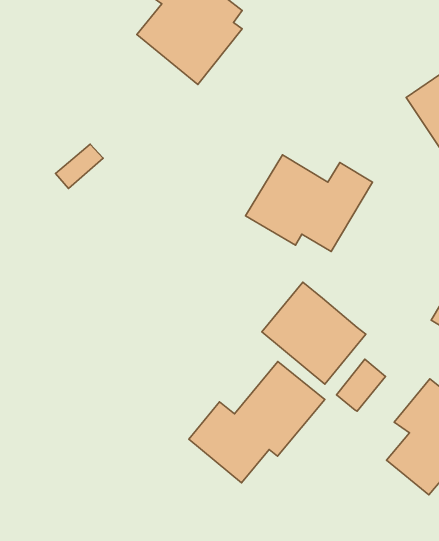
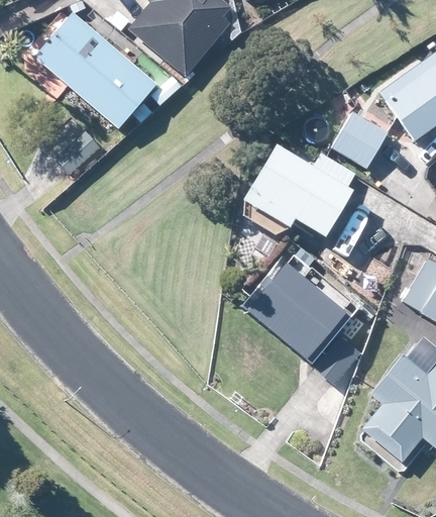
building: none -> [36,13,155,127]
building: none -> [333,111,390,167]
building: [189,362,325,483] -> none

